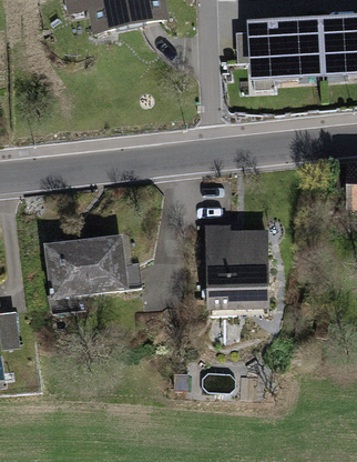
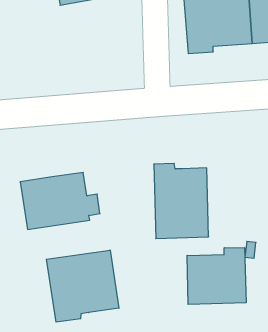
building: none -> [187,248,246,304]
building: none -> [46,250,119,322]

